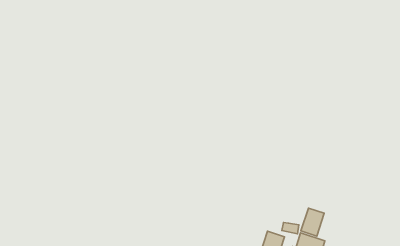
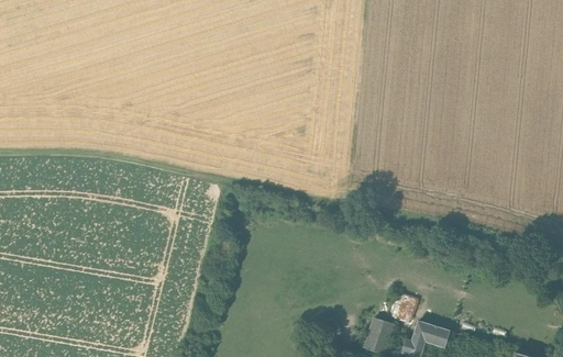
building: [301,208,324,236] -> none

